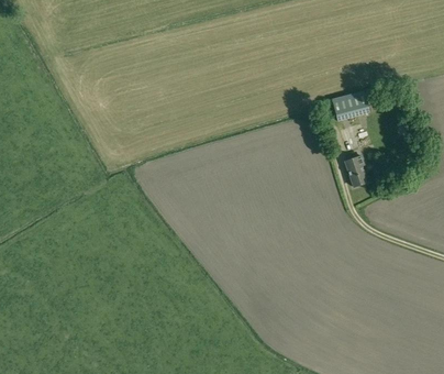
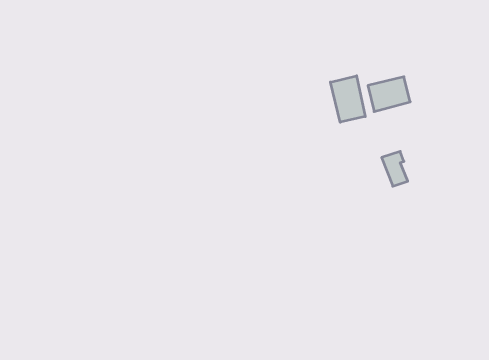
building: none -> [330,76,365,122]

